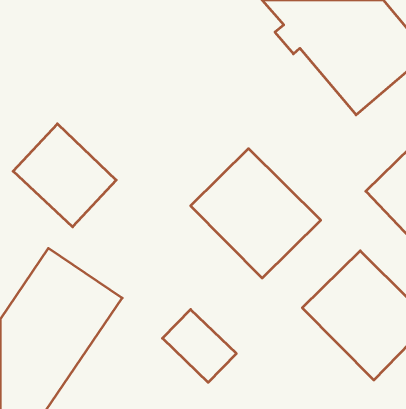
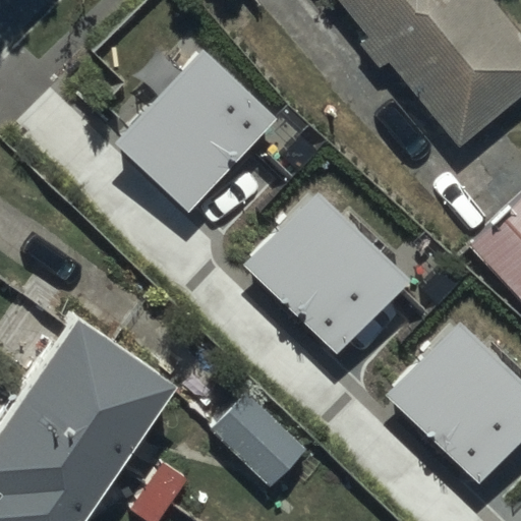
building: none -> [116,46,280,210]
building: [13,124,116,227] -> none

